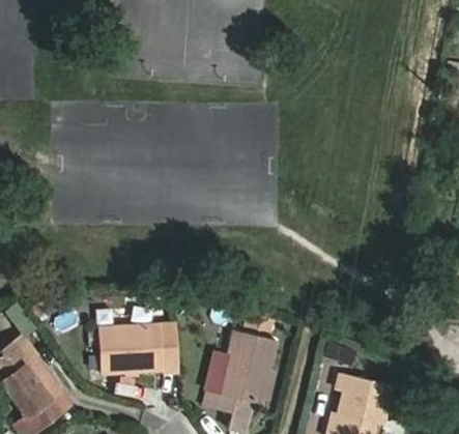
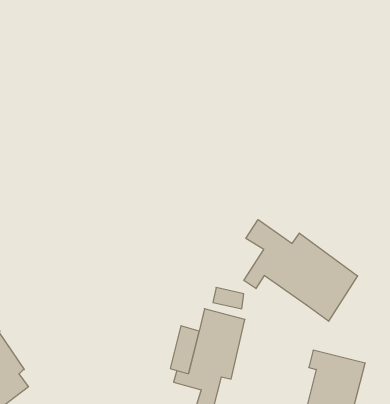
building: none -> [244,220,358,321]
building: [98,324,178,373] -> none

